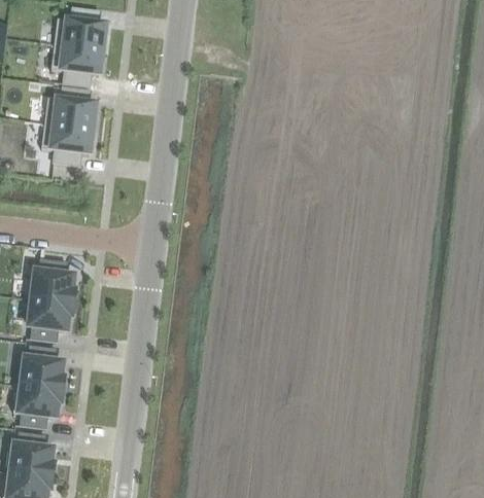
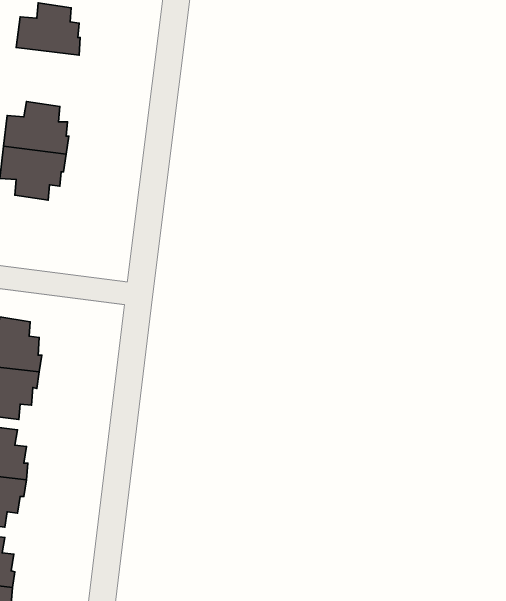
building: [53,44,106,87] -> none

